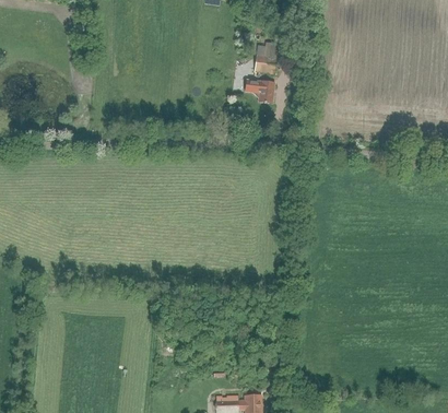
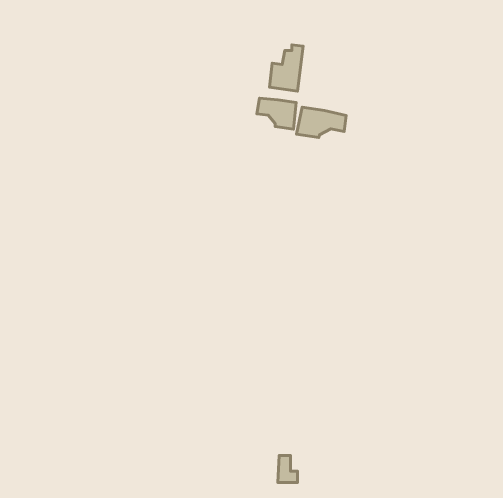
building: none -> [297,107,346,138]

